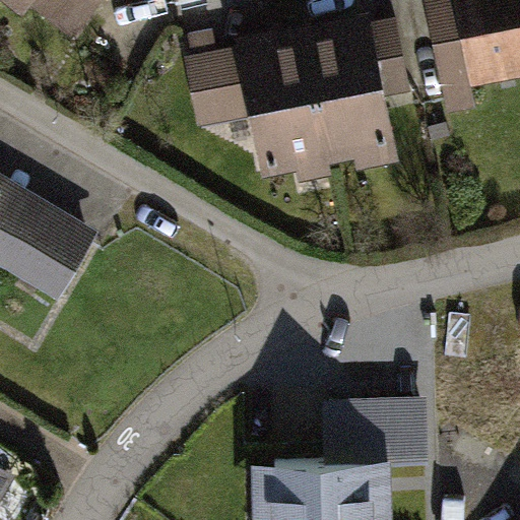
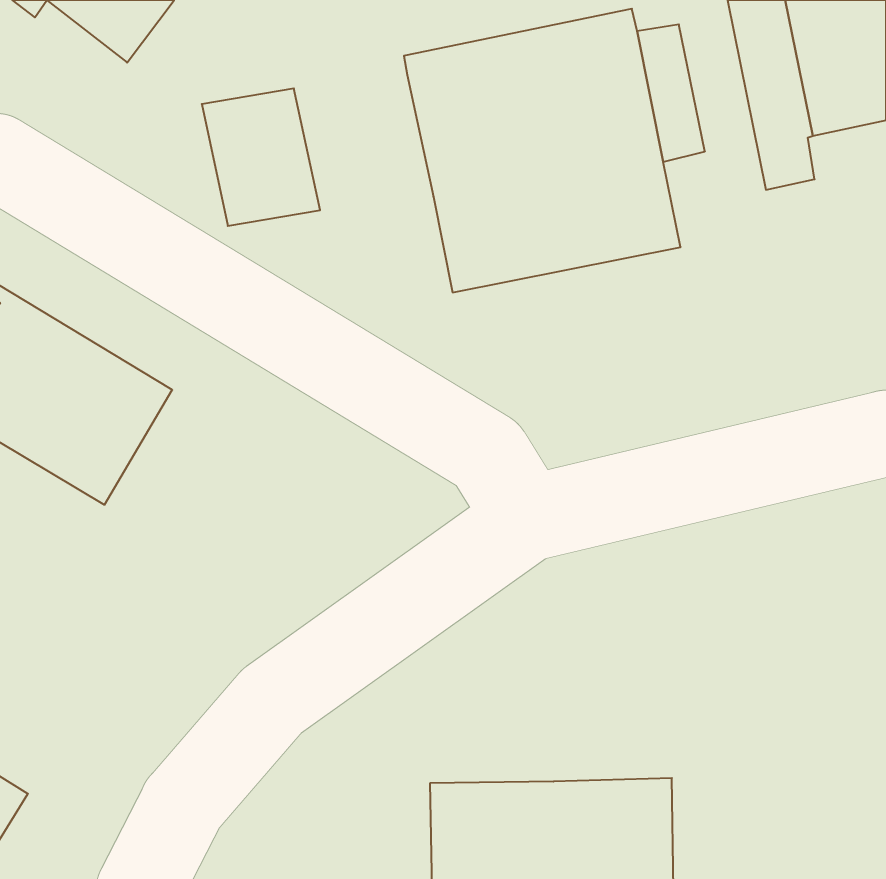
building: [184,50,253,130] -> [202,88,320,226]
building: [322,397,429,462] -> none

